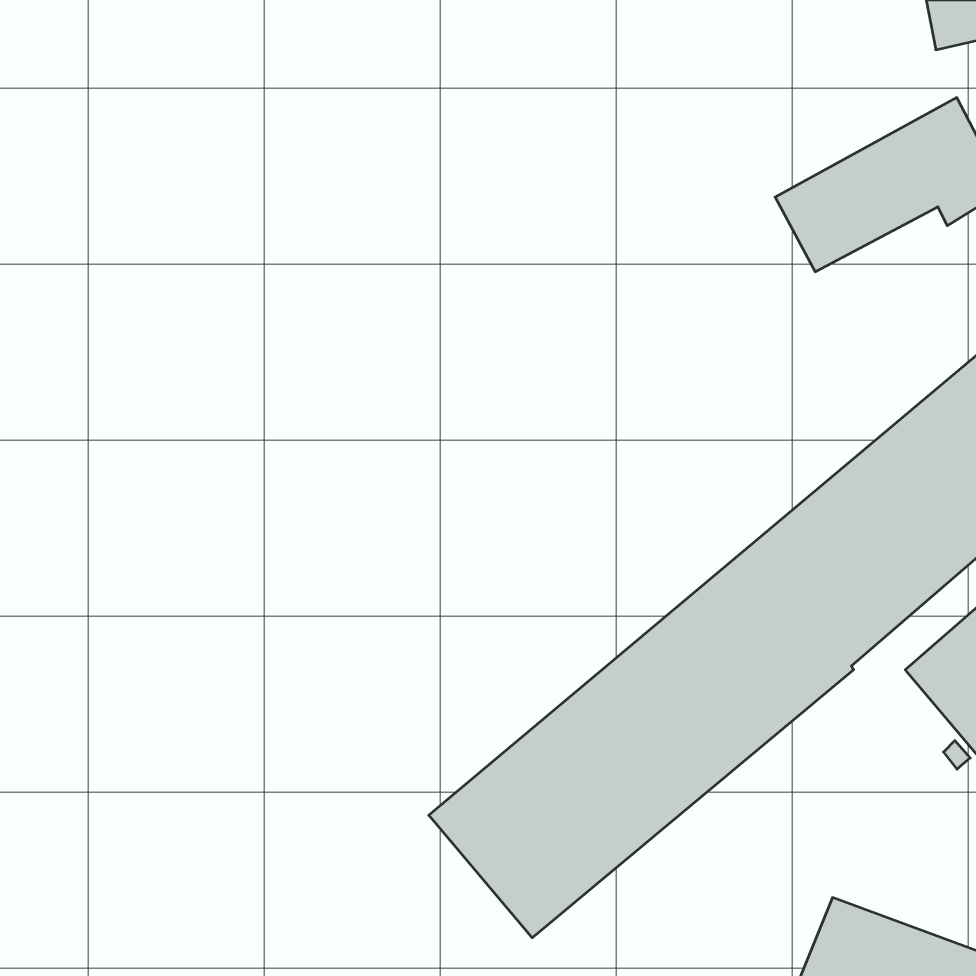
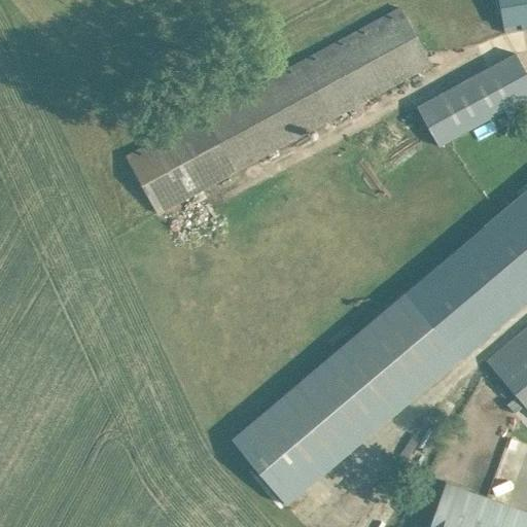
building: none -> [127,8,431,214]

